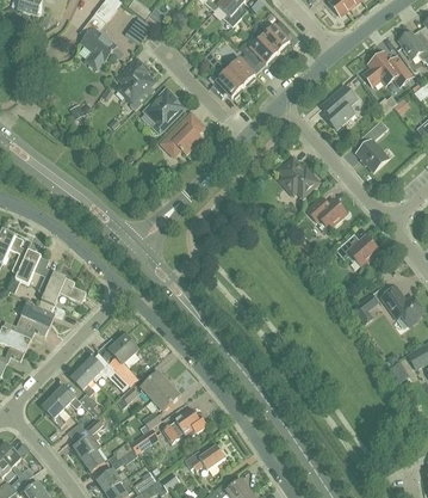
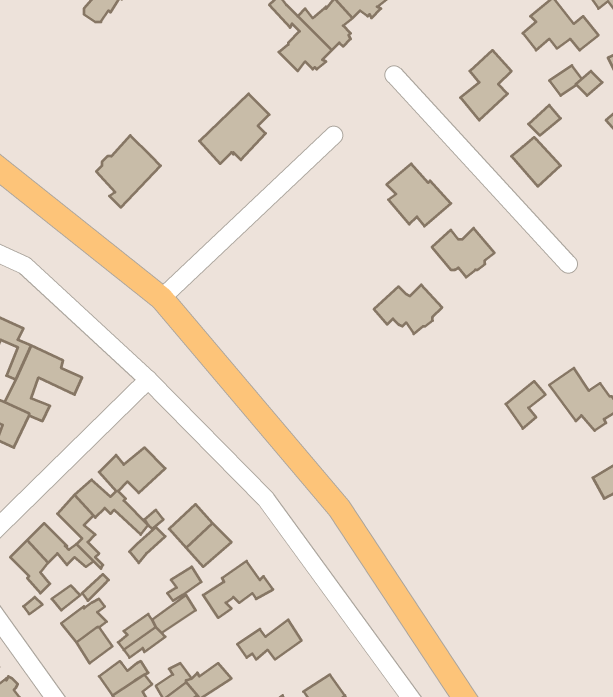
building: [118,57,154,109] -> none
building: [144,86,185,131] -> [96,135,161,207]
building: [335,233,378,264] -> [374,285,442,334]

